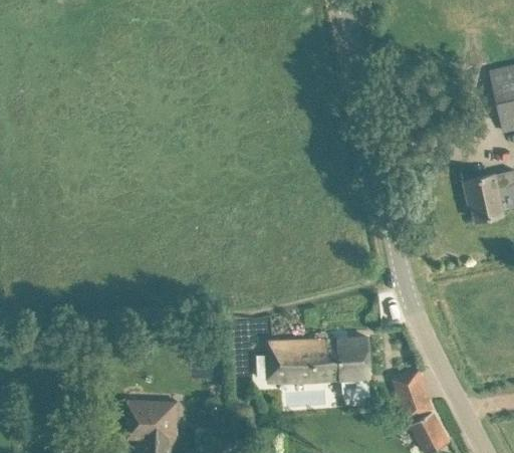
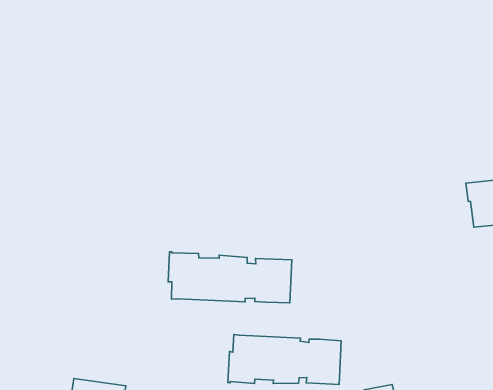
building: none -> [168,252,292,303]

